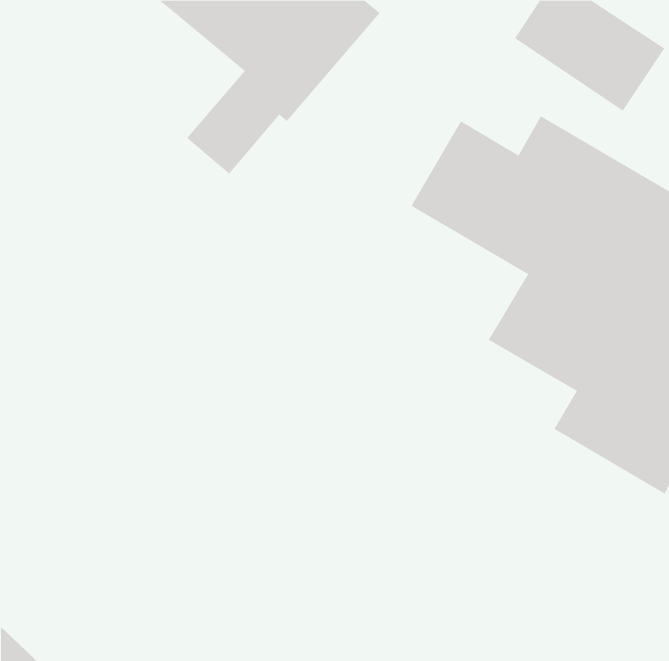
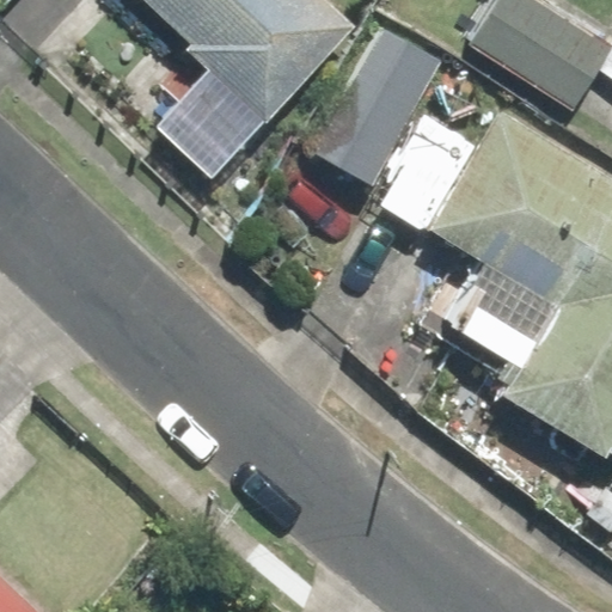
building: none -> [314,30,440,184]

